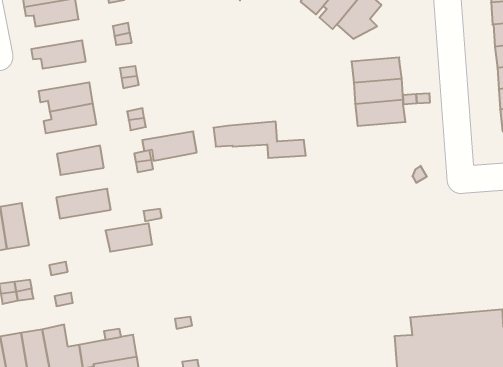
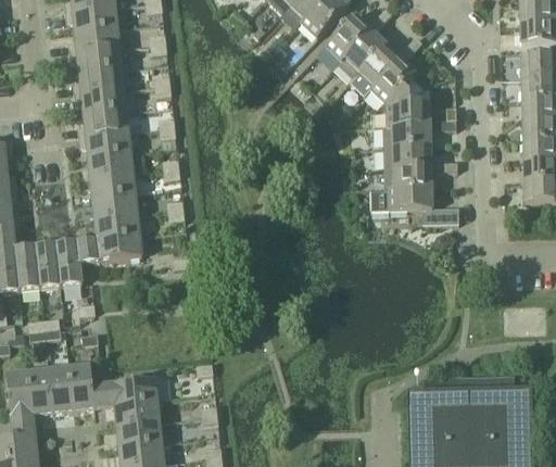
building: none -> [73,70,124,96]
building: none -> [387,94,430,127]
building: none -> [77,111,128,137]
building: [213,122,306,158] -> [371,189,459,224]
building: [142,131,197,161] -> [83,173,135,199]
building: none -> [55,241,91,286]
building: [105,223,152,252] -> [94,215,139,240]

